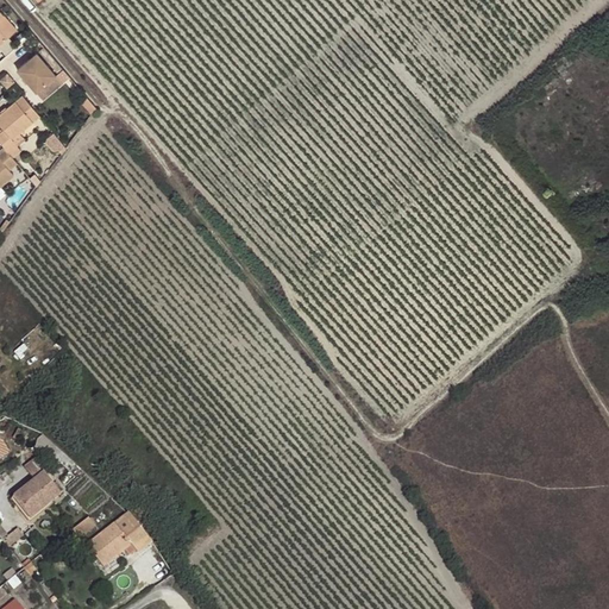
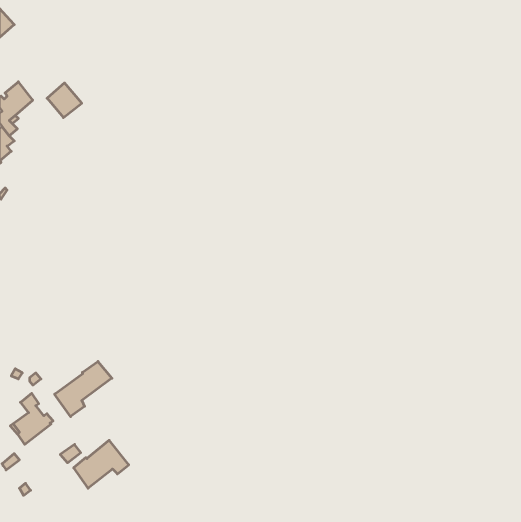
building: [15,52,56,93] -> [47,83,82,118]
building: none -> [55,361,112,417]

